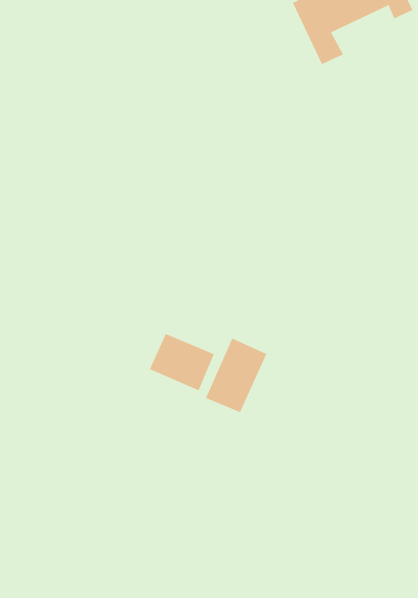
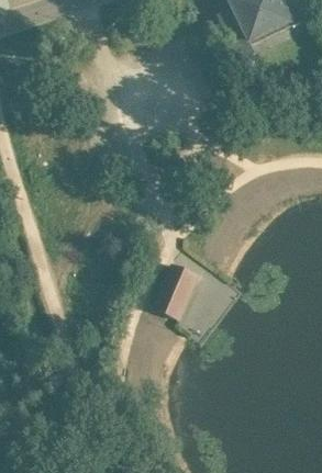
building: [149,333,215,391] -> none

